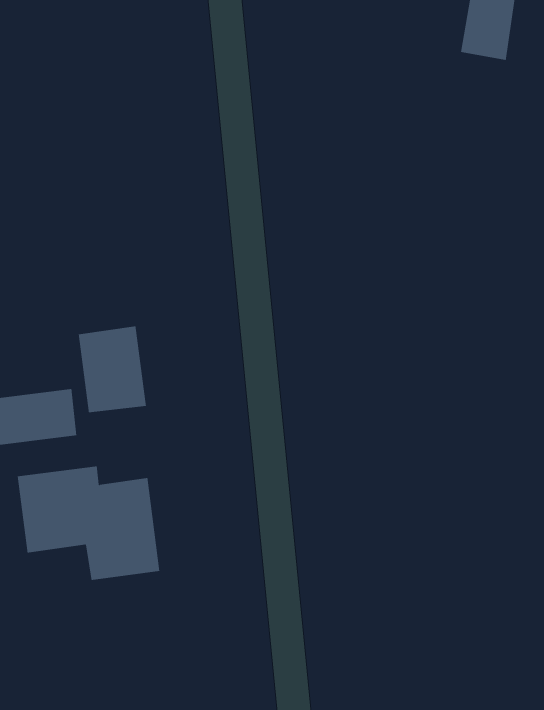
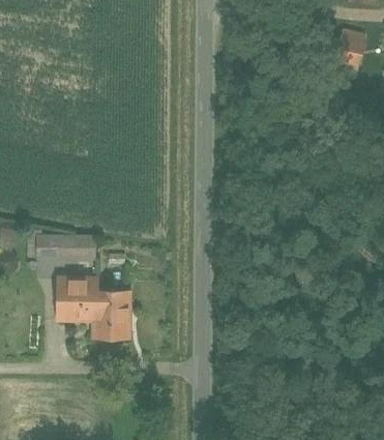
building: [78,325,146,413] -> none

